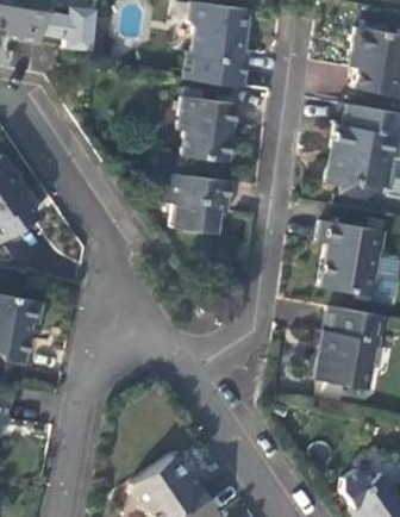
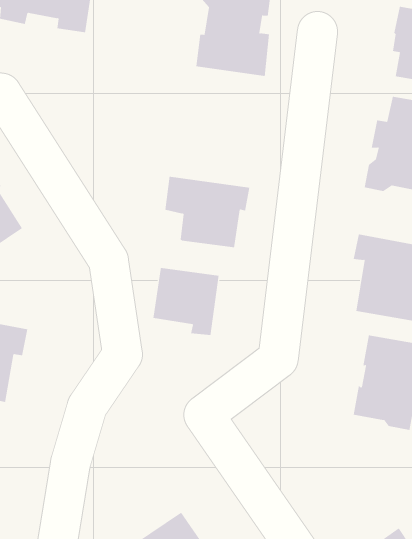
building: [177,96,236,161] -> none
building: none -> [153,267,219,336]

